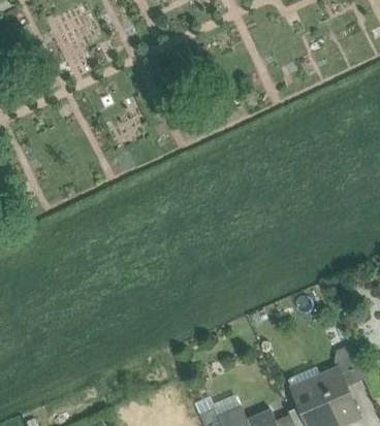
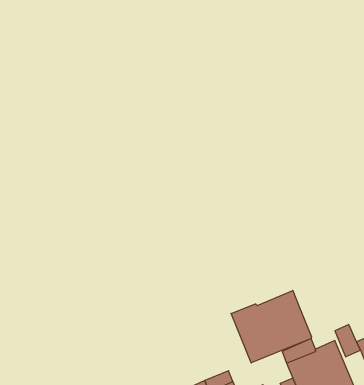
building: none -> [231,290,311,363]

